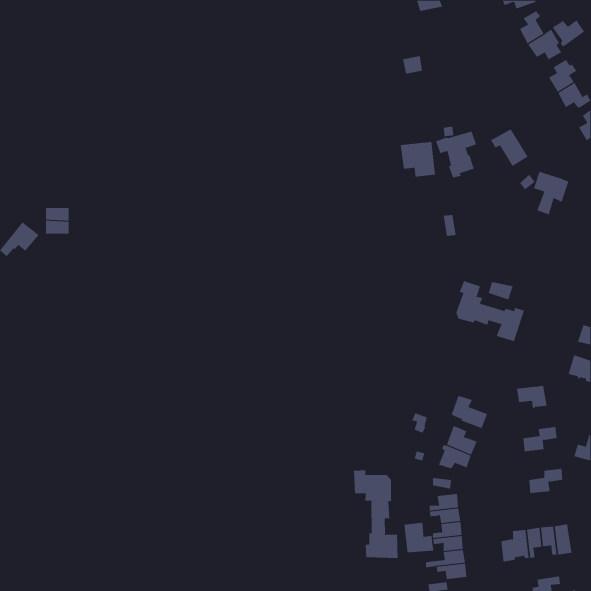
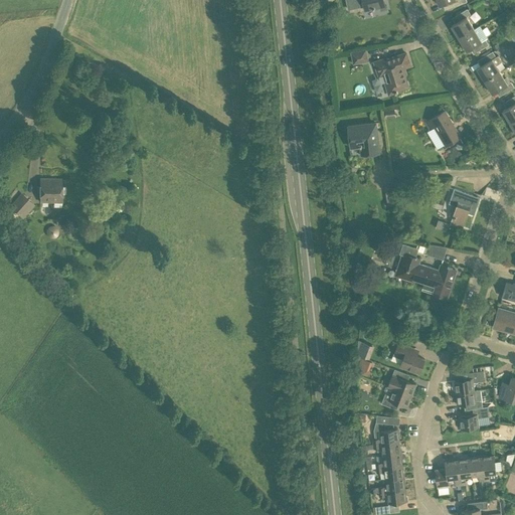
building: [552,19,585,47] -> none
building: [435,131,477,178] -> [373,54,409,96]
building: [533,171,569,215] -> [448,189,479,227]
building: [516,385,547,408] -> [455,390,482,410]
building: [354,470,398,559] -> none
building: [404,522,434,553] -> none

